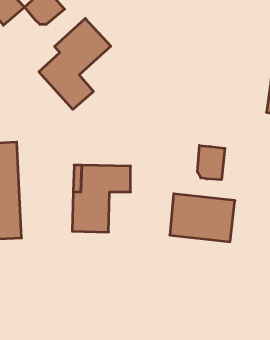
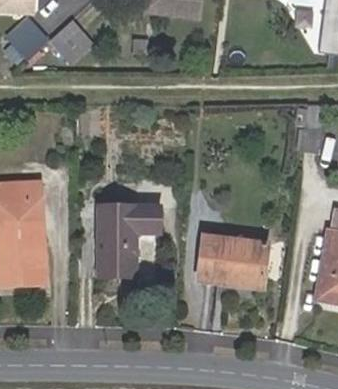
building: [39,18,111,109] -> none
building: [197,145,225,180] -> none

